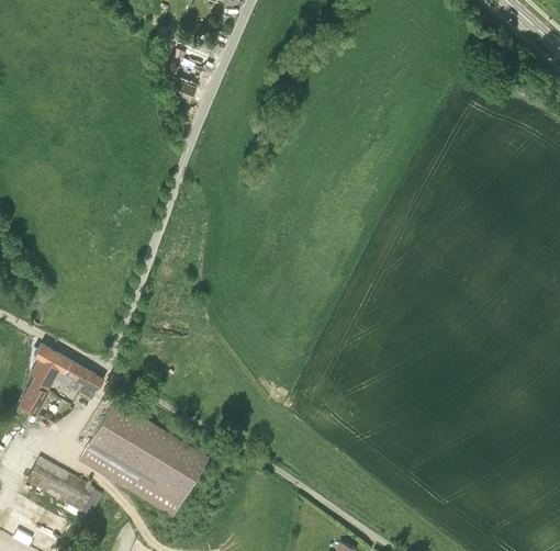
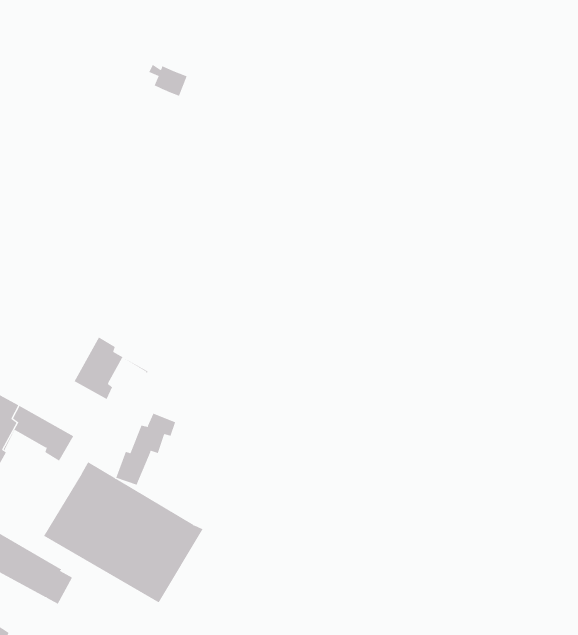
building: none -> [74,336,148,400]
building: none -> [116,413,176,485]

